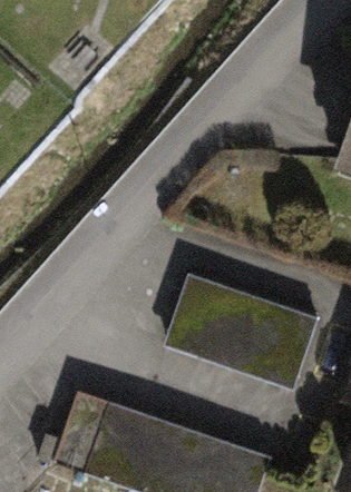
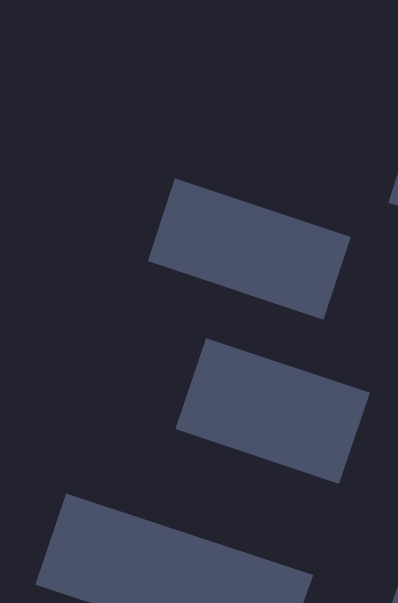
building: none -> [147,177,351,321]

